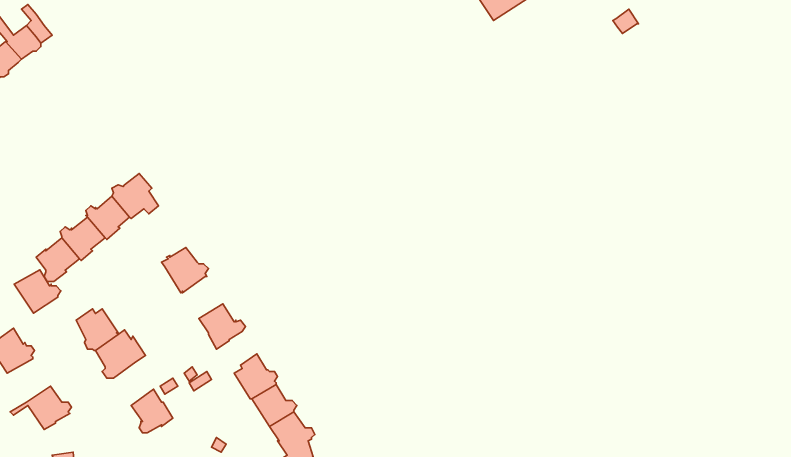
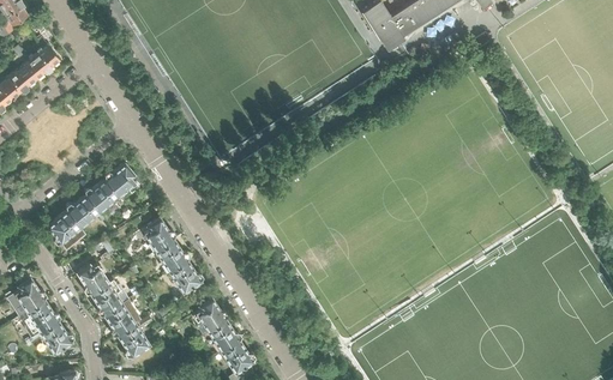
building: [14,270,61,313] -> [25,302,60,334]
building: none -> [156,241,188,273]
building: none -> [104,304,134,337]

